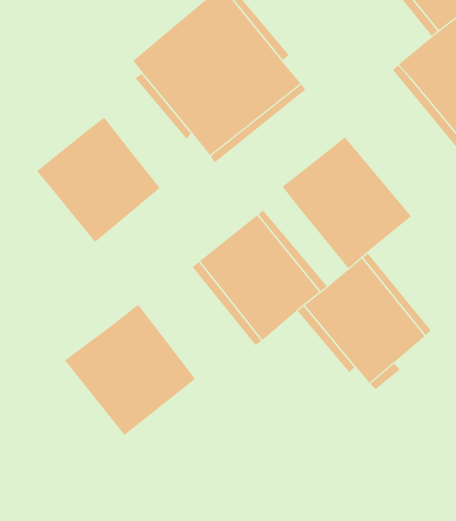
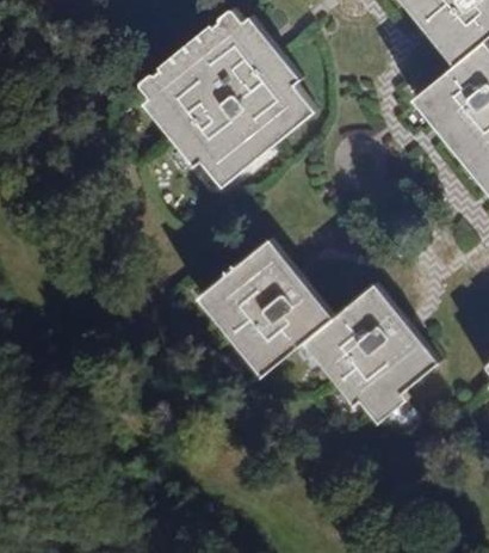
building: [36,117,161,243] -> none
building: [282,137,412,269] -> none
building: [64,304,196,436] -> none

